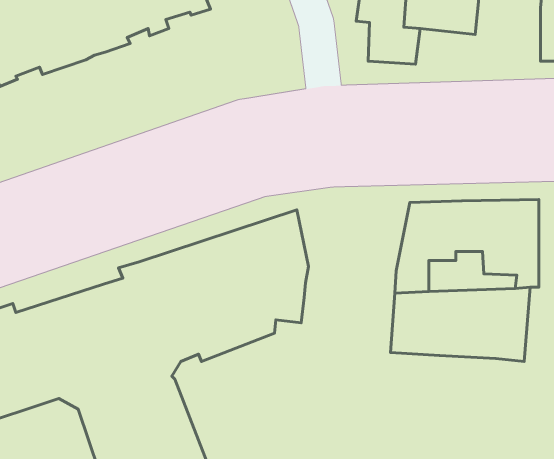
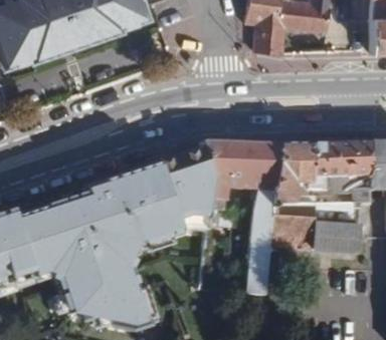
building: none -> [205,141,283,295]

